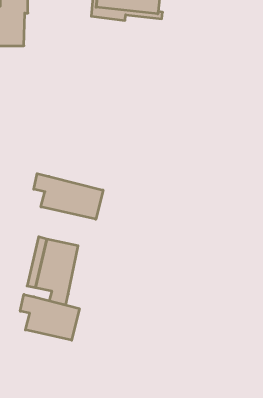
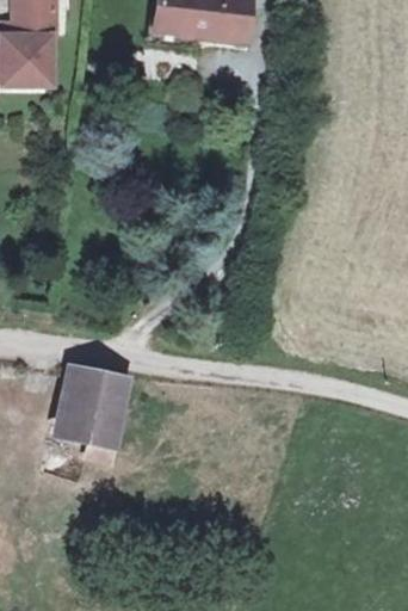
building: [34,174,103,219] -> none
building: [20,294,79,340] -> none

